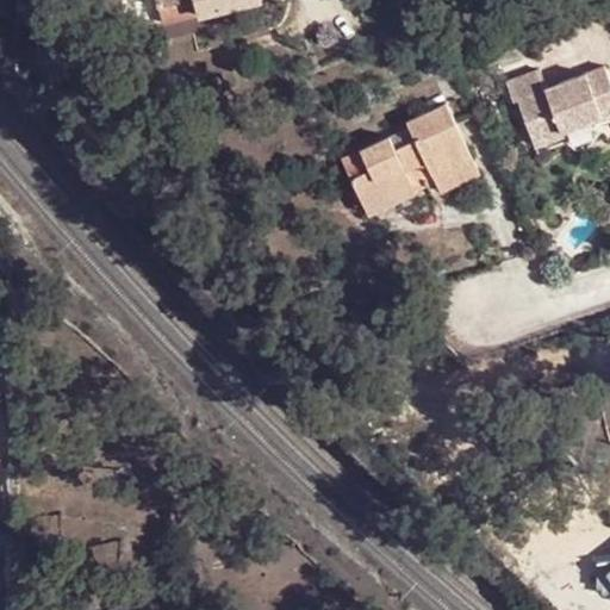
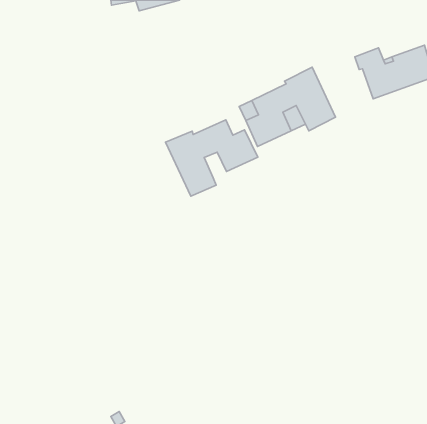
building: none -> [166,120,258,196]

